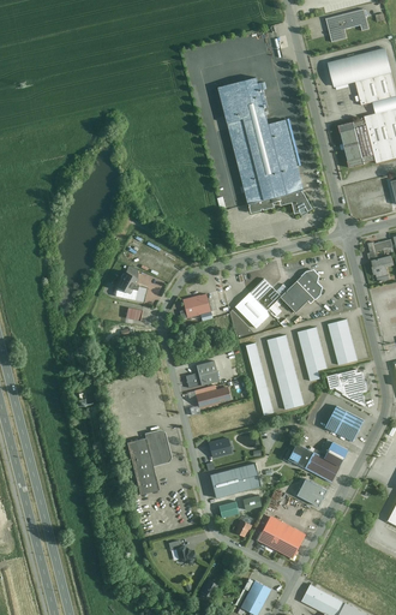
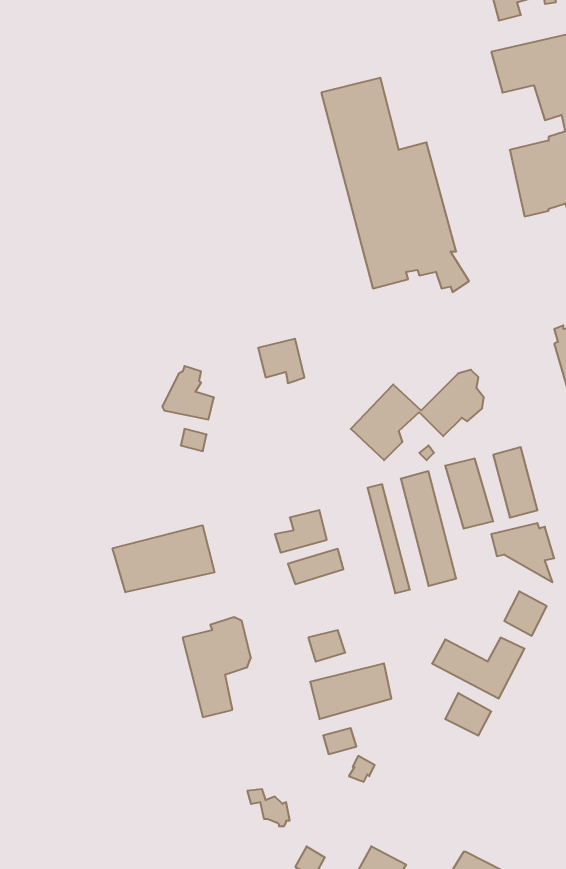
building: [182,292,212,321] -> [258,339,304,383]
building: none -> [113,525,215,592]
building: [257,515,305,559] -> none

